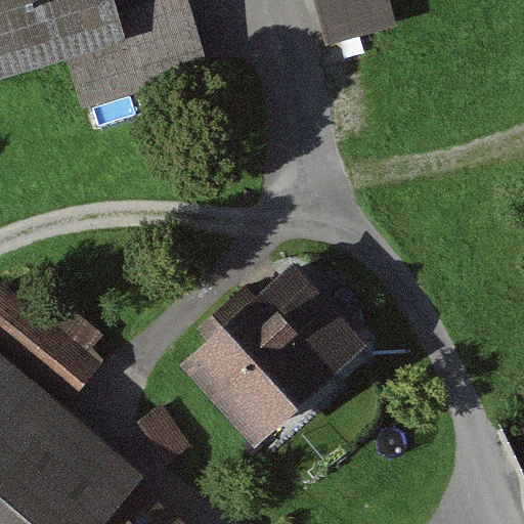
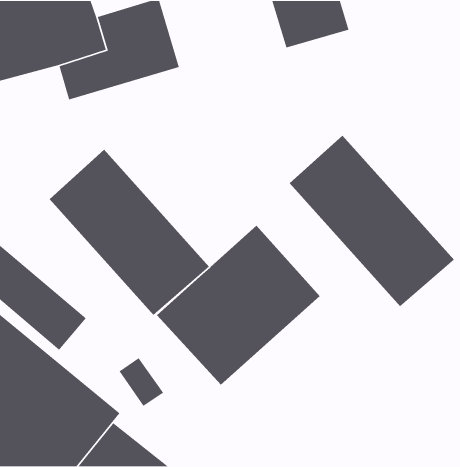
building: none -> [289,135,455,307]
building: none -> [49,149,210,316]

